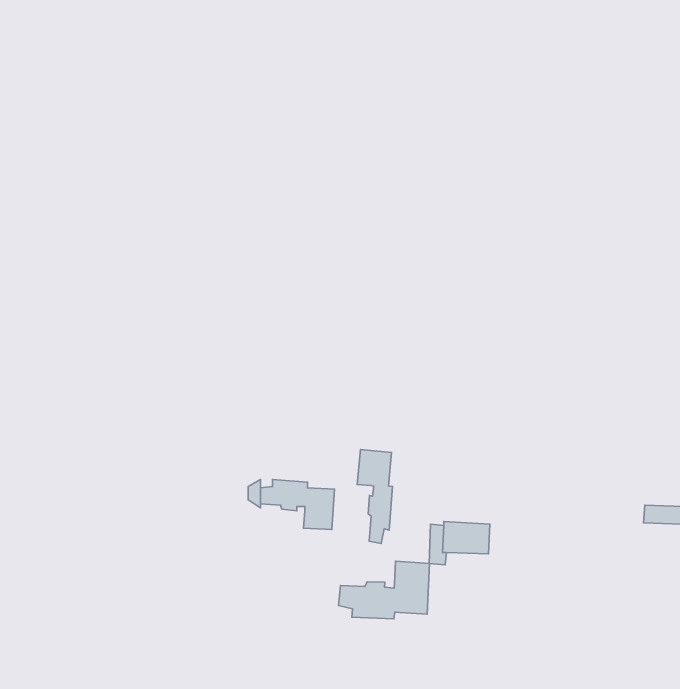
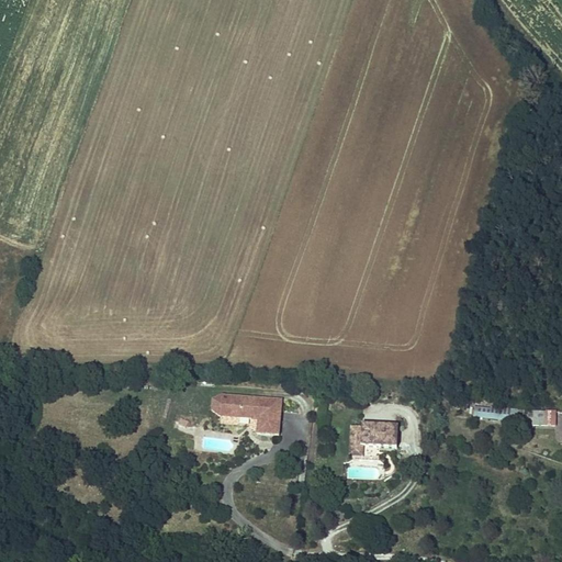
building: [357,450,393,544] -> none
building: [338,561,429,619] -> none

